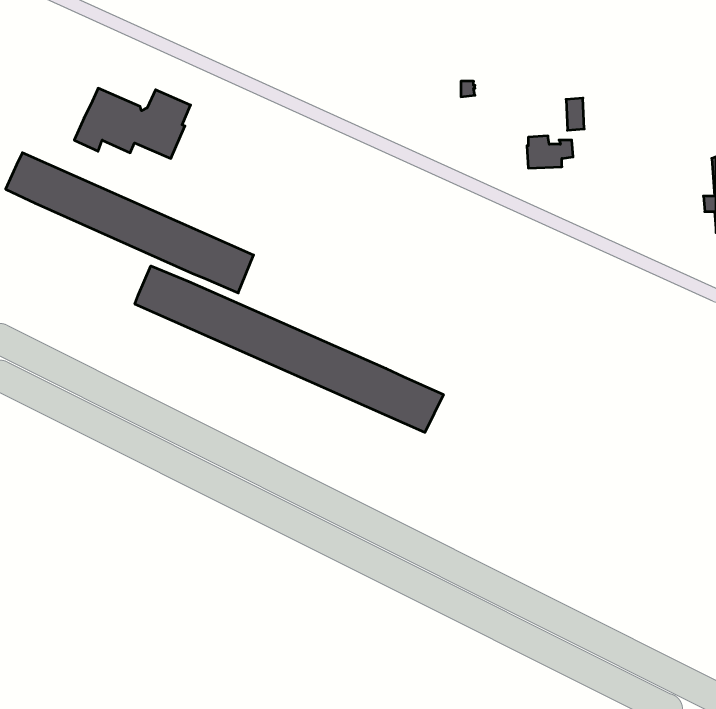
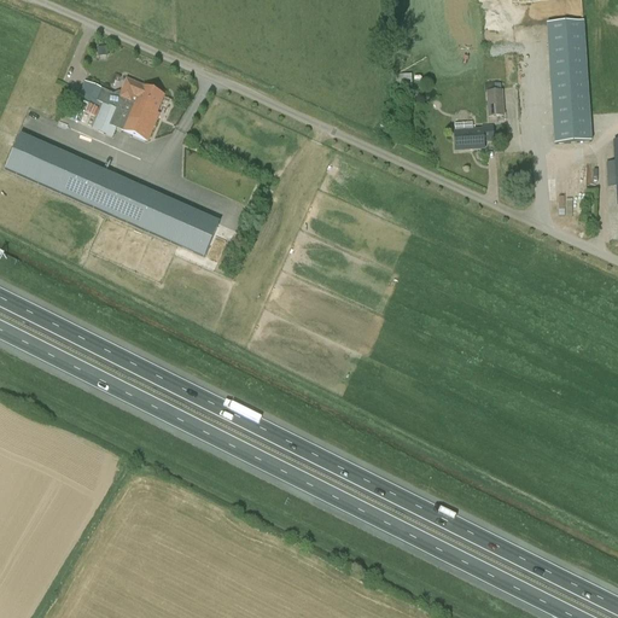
building: none -> [547,17,591,139]
building: [135,266,443,432] -> none

